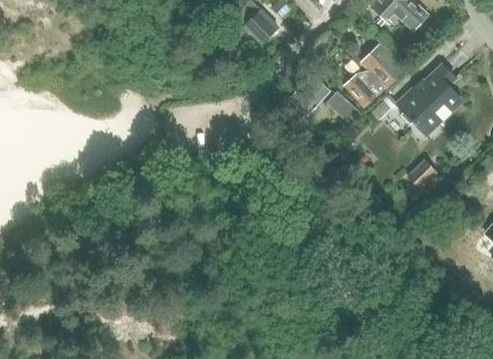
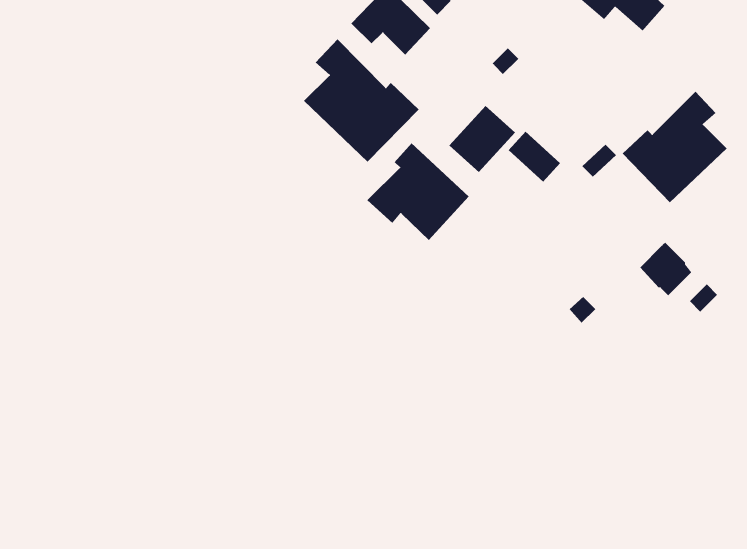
building: none -> [303,38,420,163]
building: [344,44,403,105] -> none
building: none -> [367,142,470,241]

